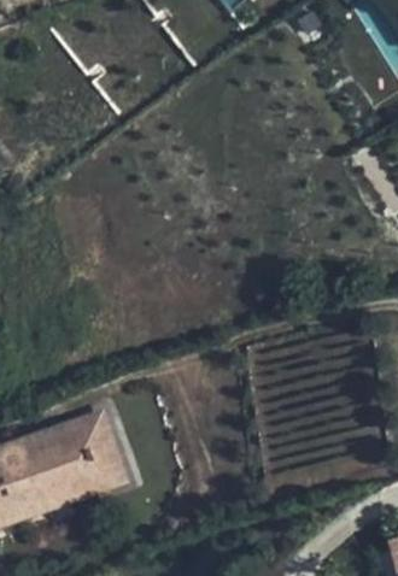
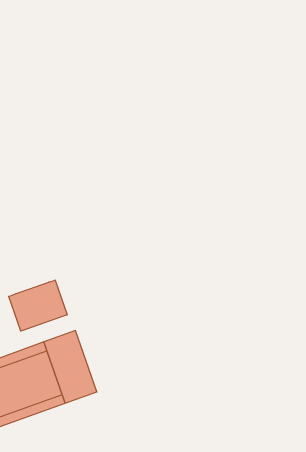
building: none -> [9,280,67,331]

